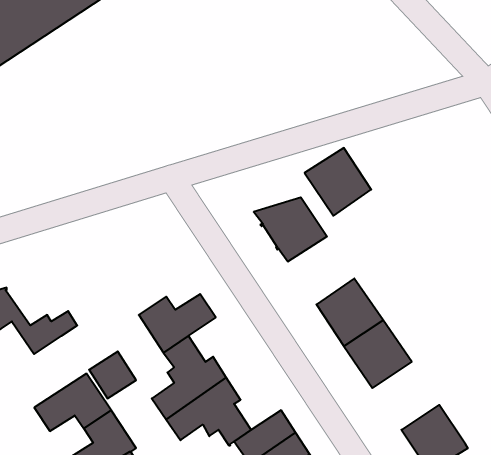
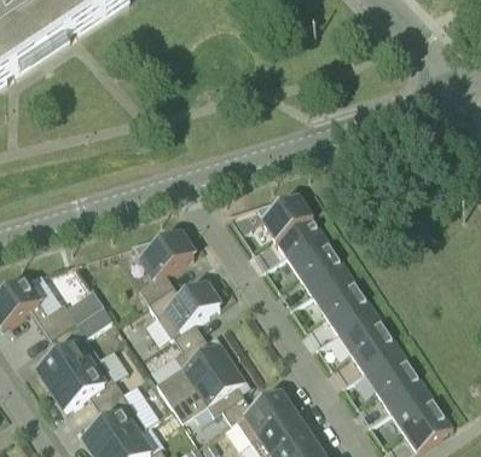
building: [305,148,371,216] -> [286,232,348,295]
building: none -> [132,232,195,305]
building: none -> [37,324,100,391]
building: none -> [365,348,427,411]

